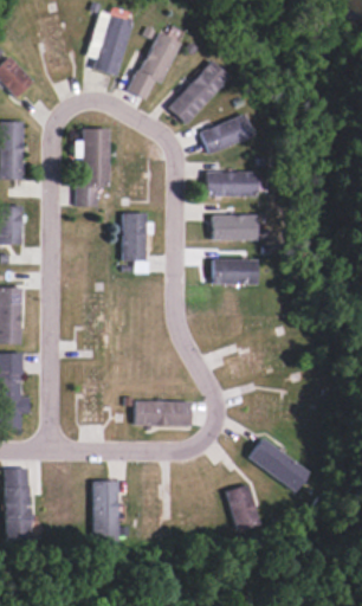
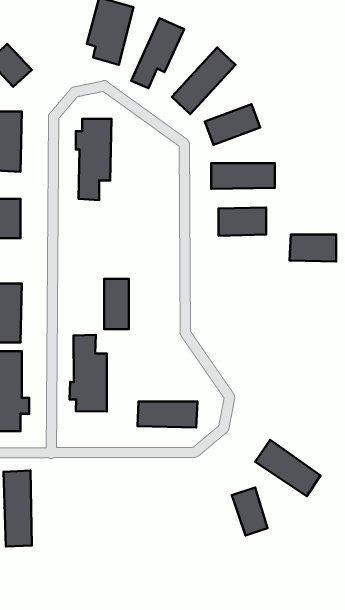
building: [122,213,146,262] -> [104,279,129,329]
building: [212,259,257,285] -> [290,235,336,262]
building: none -> [70,335,107,412]
building: [93,481,118,541] -> none

